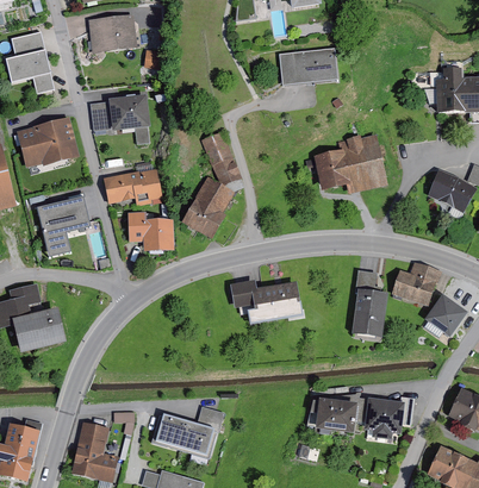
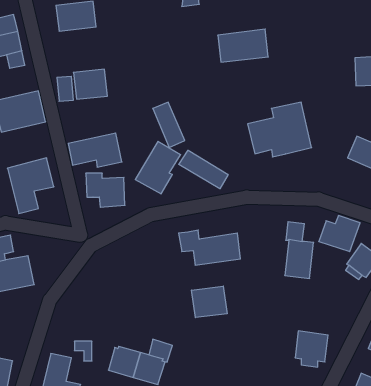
building: none -> [179,150,228,189]
building: none -> [192,286,227,318]
building: [317,396,357,431] -> none

